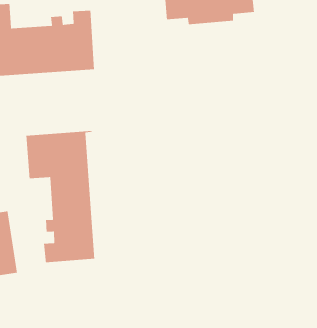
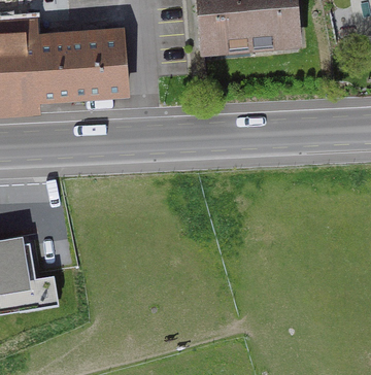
building: [25,130,95,263] -> none

